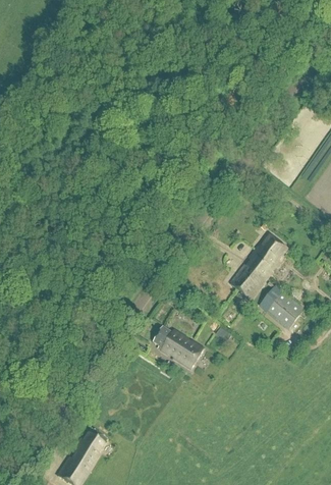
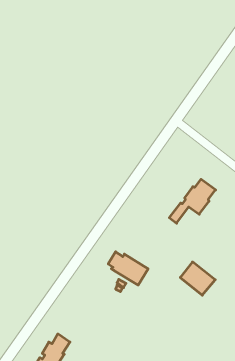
building: [239,270,268,300] -> none
building: [261,286,305,328] -> [180,262,215,295]

